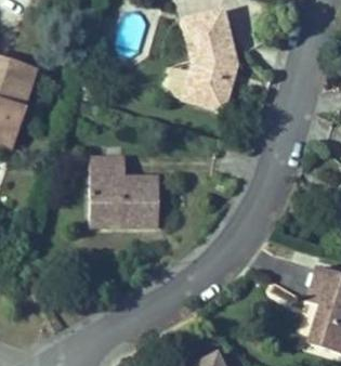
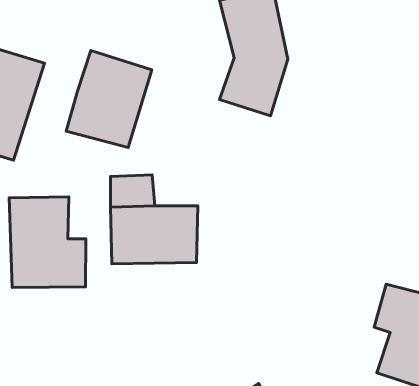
building: none -> [66,51,152,148]
building: none -> [9,197,86,288]

